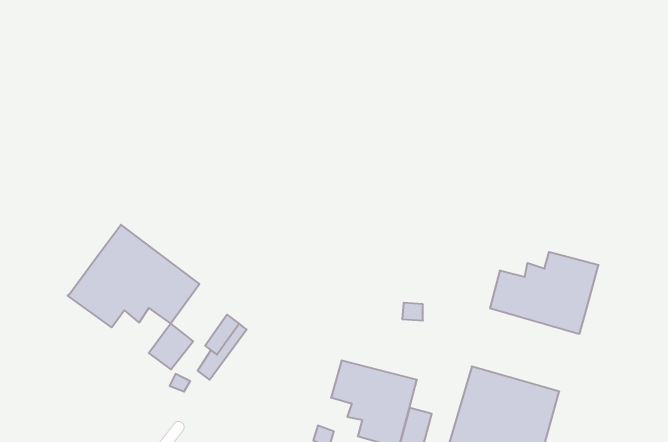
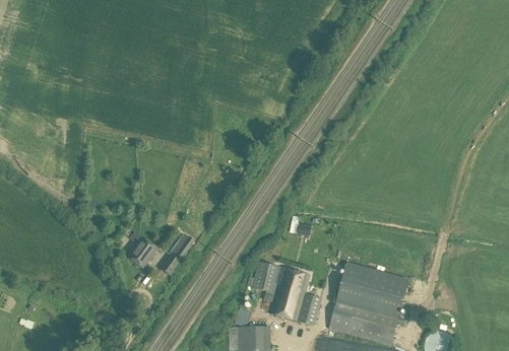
building: [68,225,199,327] -> none
building: [490,252,599,334] -> none

